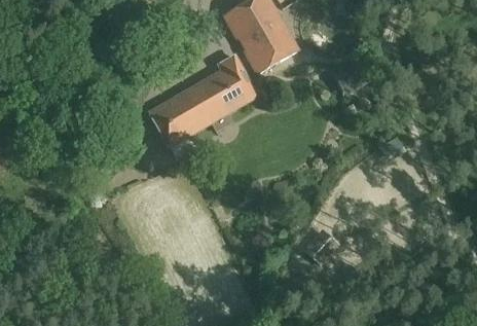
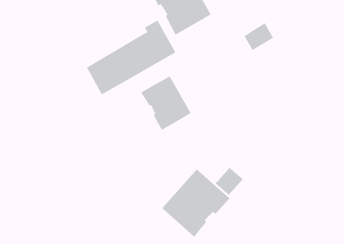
building: none -> [140,75,191,131]
building: none -> [161,169,230,238]

